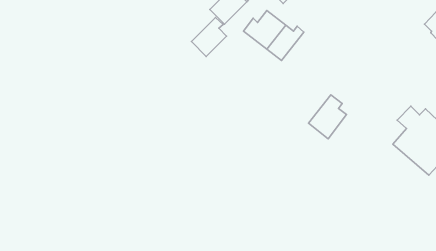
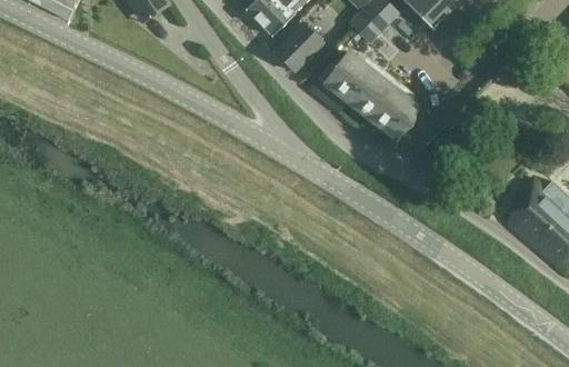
building: [192,18,226,56] -> none
building: [308,95,346,139] -> [367,80,416,137]

